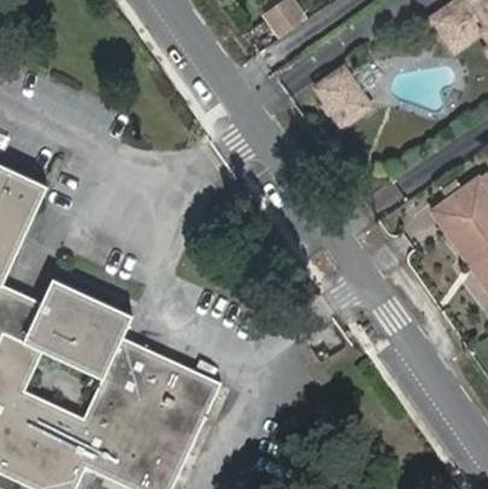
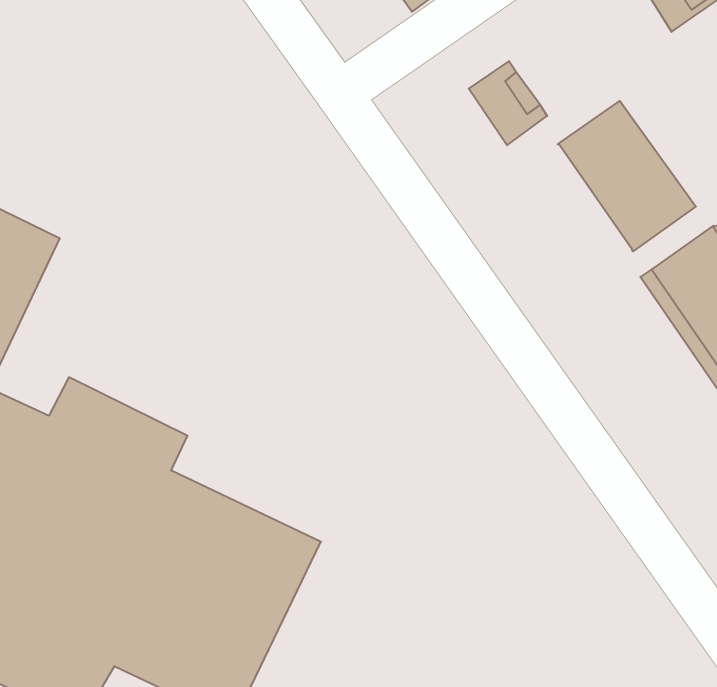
building: none -> [558,101,696,251]

